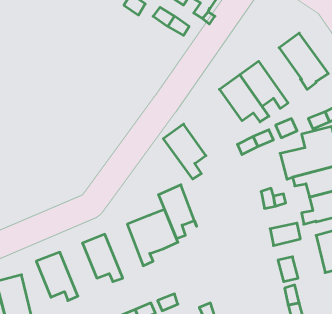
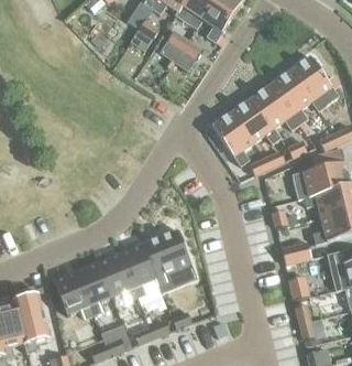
building: none -> [270,71,311,125]
building: [163,124,206,179] -> [211,111,253,165]
building: [158,185,197,239] -> [119,244,156,297]
building: none -> [75,262,111,314]

